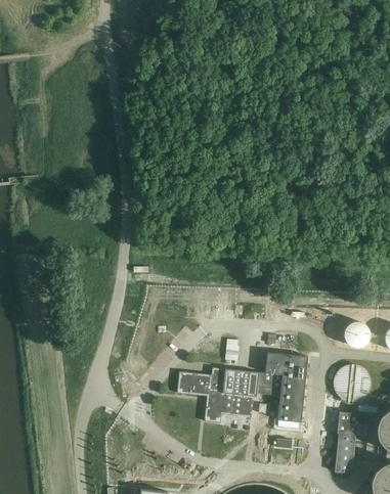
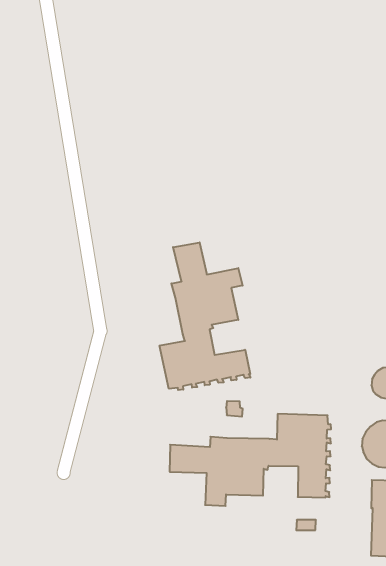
building: none -> [160,242,250,390]

